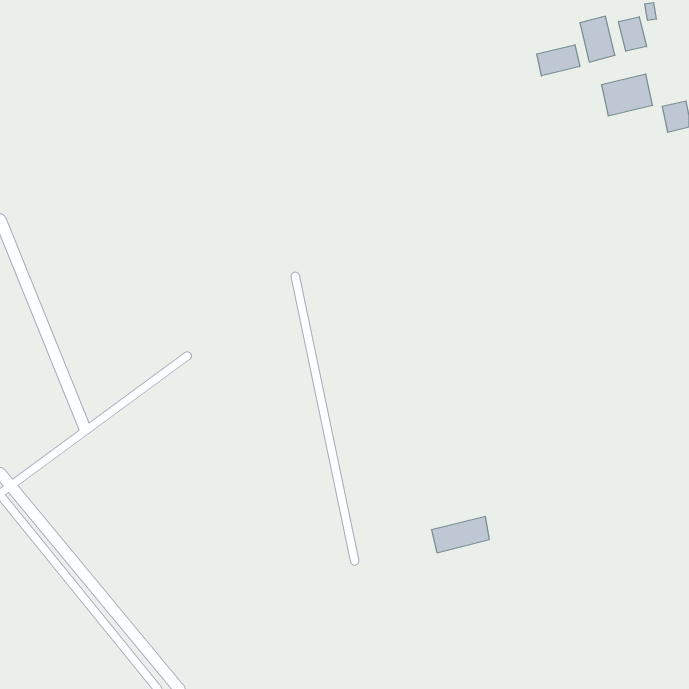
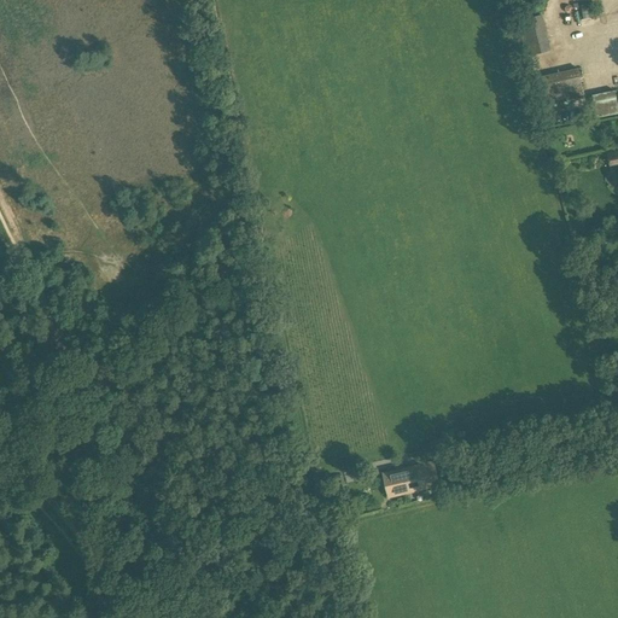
building: [619,17,646,51] -> none
building: [537,45,580,76] -> none

